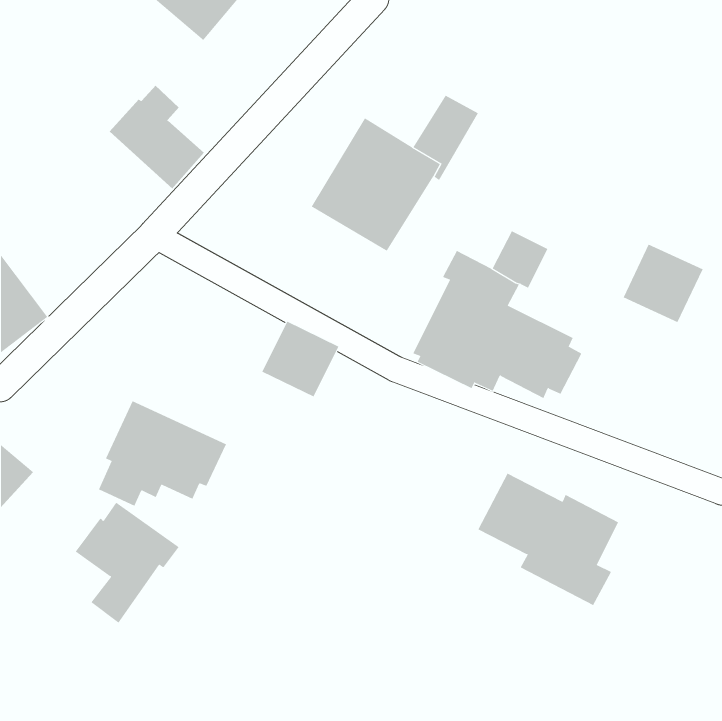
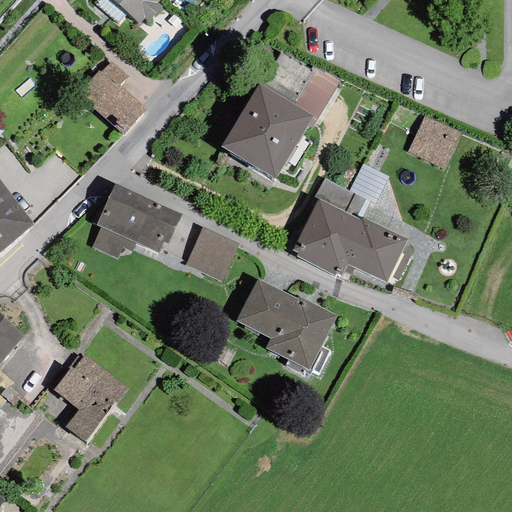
building: [623,244,703,323] -> [405,114,462,170]
building: [98,400,227,506] -> [91,183,182,258]
building: [477,473,619,606] -> [235,280,335,374]

